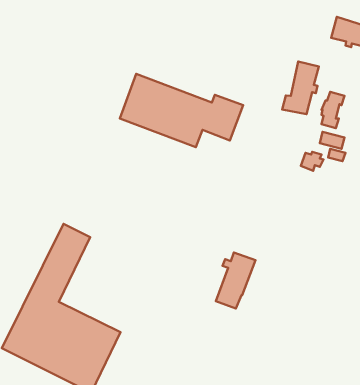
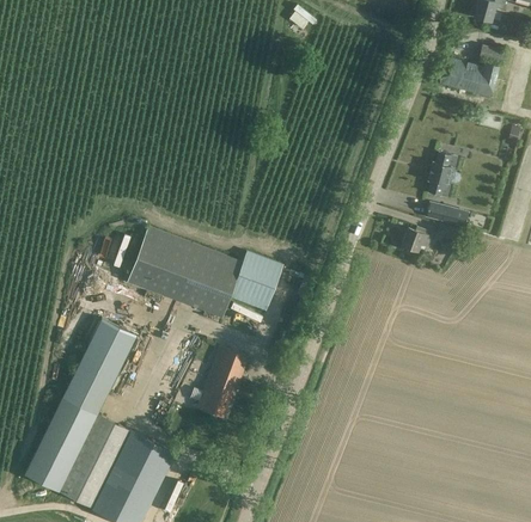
building: [282,62,319,114] -> none
building: [120,74,243,147] -> [127,226,282,318]
building: [216,253,256,309] -> [197,346,248,417]

